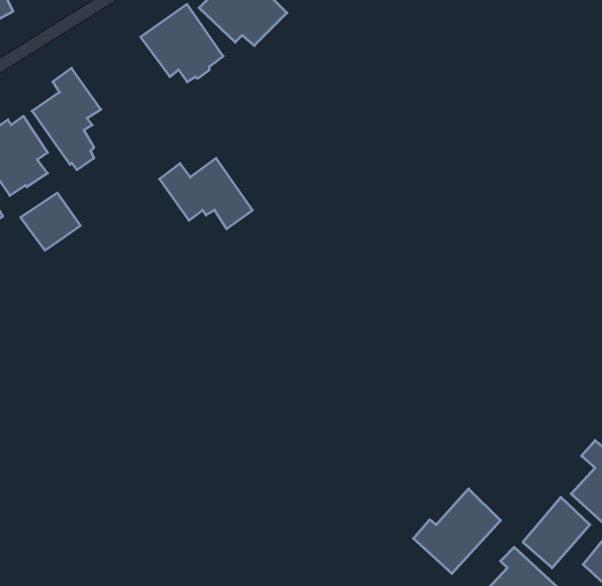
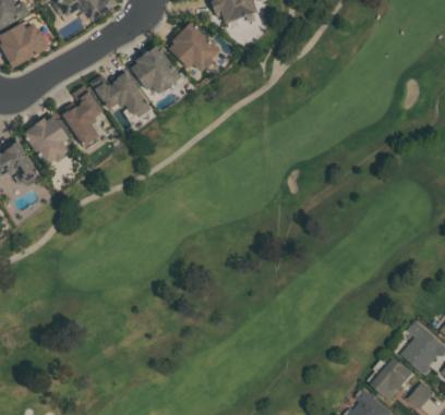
building: [159,158,252,229] -> [89,71,148,115]
building: [21,193,80,250] -> none
building: [413,489,501,574] -> none

